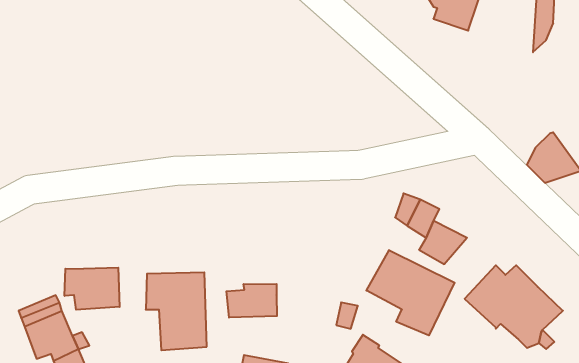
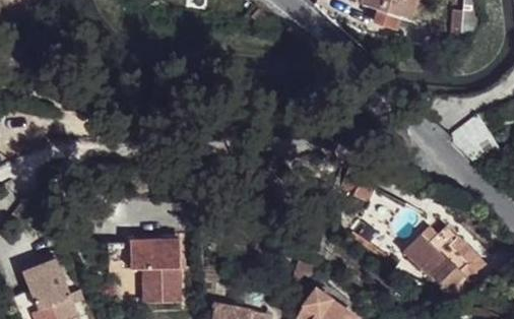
building: [366,250,455,335] -> none
building: [65,268,120,310] -> none
building: [226,284,277,318] -> none

